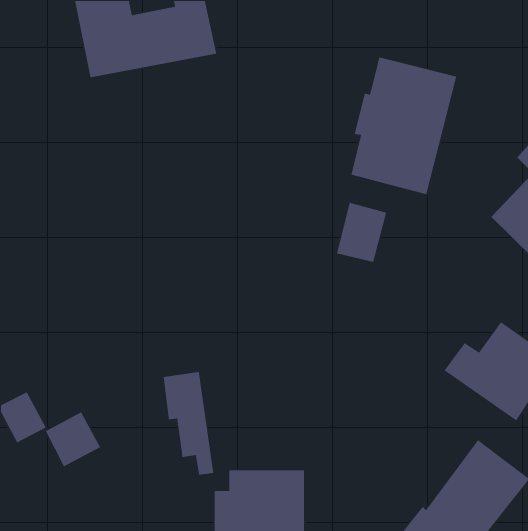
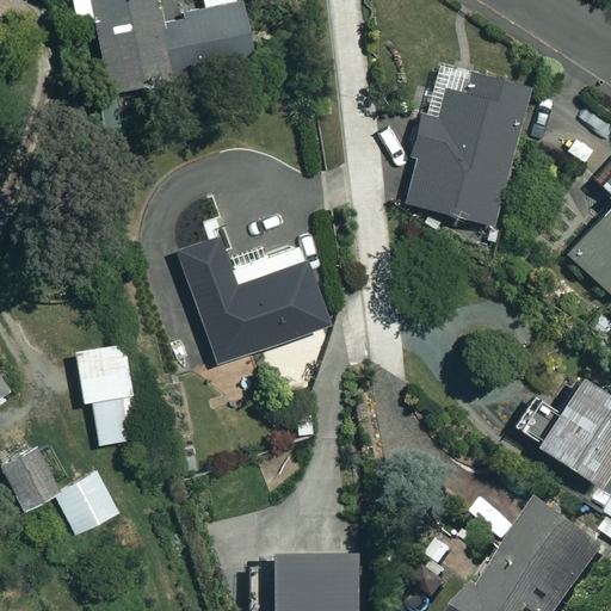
building: [336,202,387,263] -> none
building: none -> [178,236,323,363]
building: [163,371,214,476] -> [79,347,137,467]

